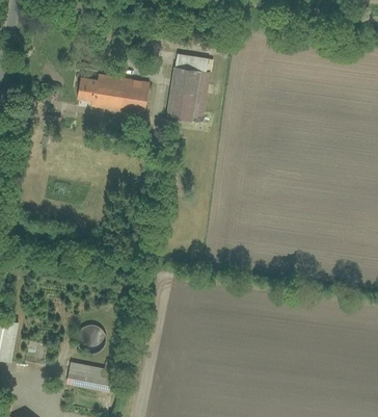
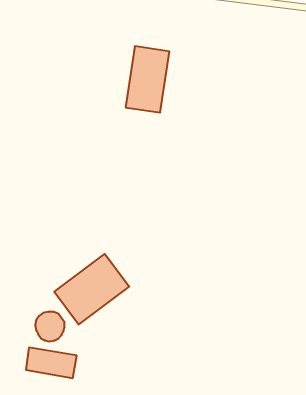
building: [76,73,147,114] -> none
building: none -> [54,254,129,325]

